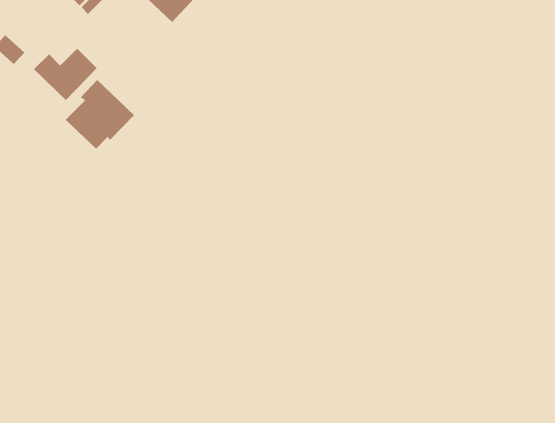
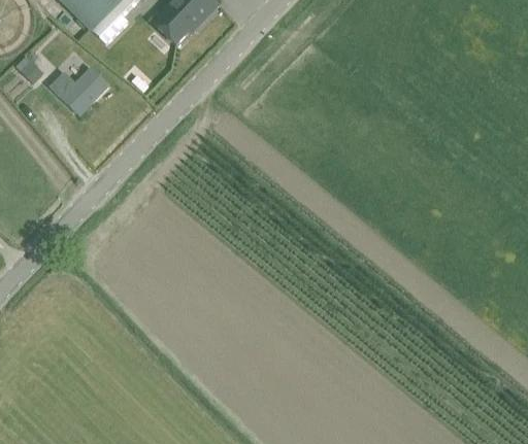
building: [65,79,135,149] -> none

